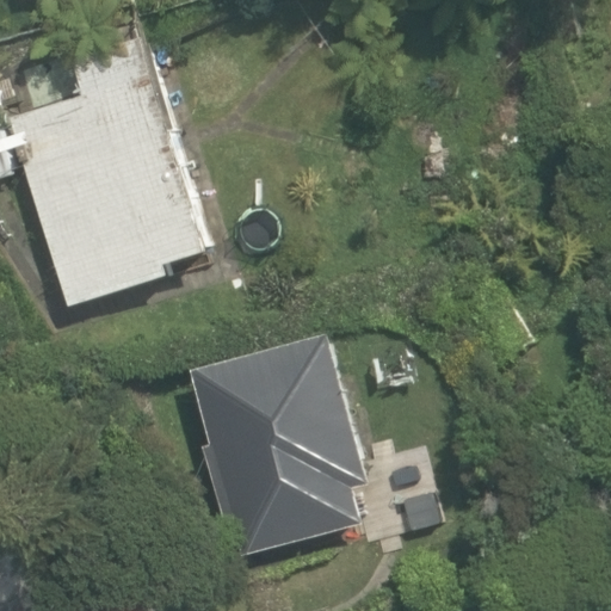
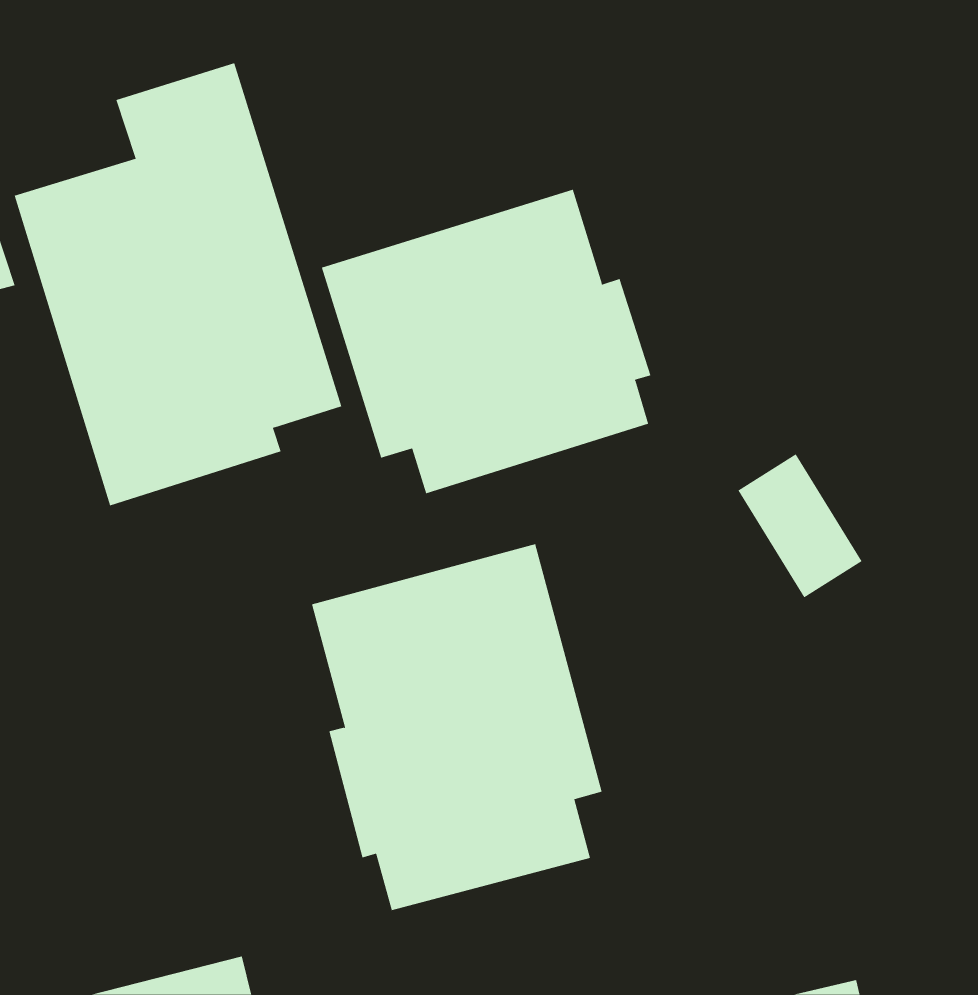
building: none -> [321,189,651,494]

